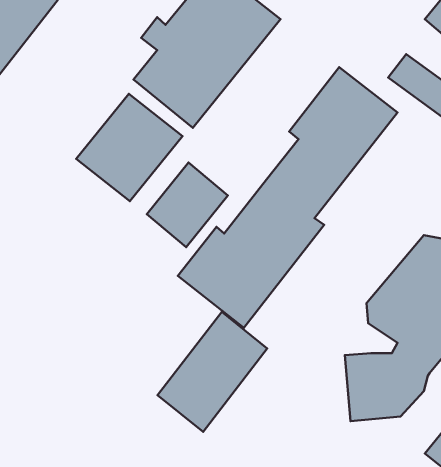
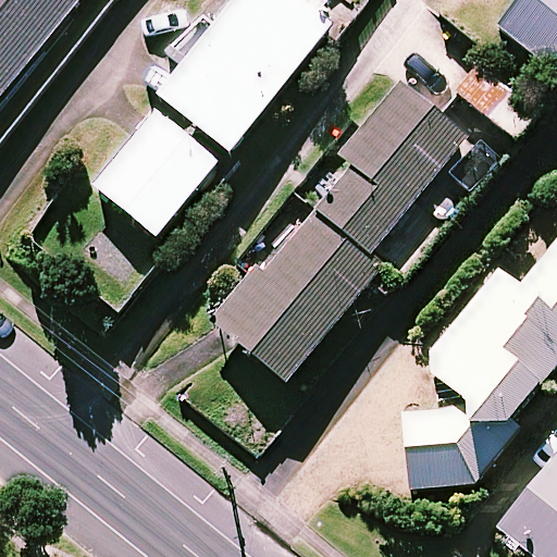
building: [147,163,228,247] -> none
building: [157,312,267,432] -> none

